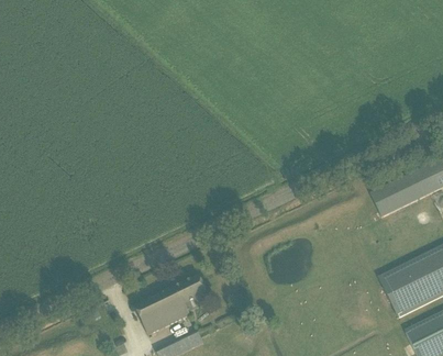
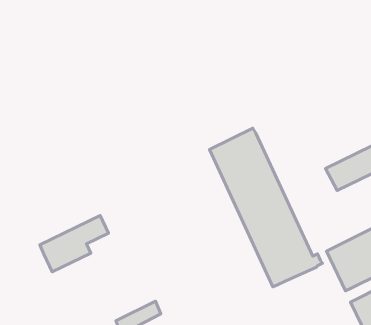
building: none -> [210,128,322,287]
building: [135,276,208,335] -> [40,216,109,272]

